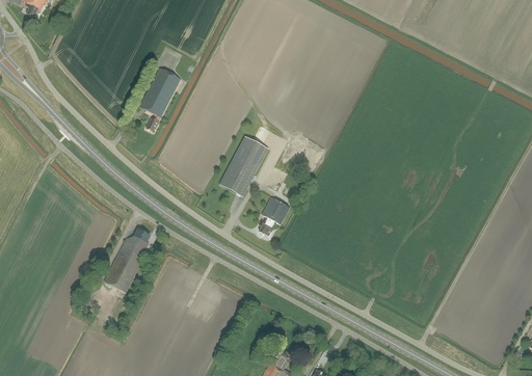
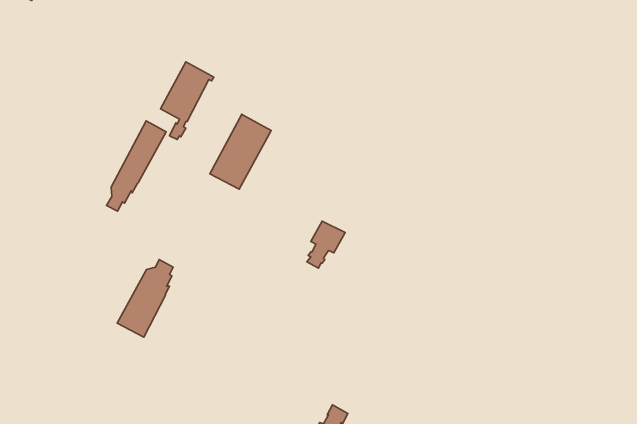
building: none -> [107,121,166,211]
building: [218,135,268,196] -> [210,114,271,189]

